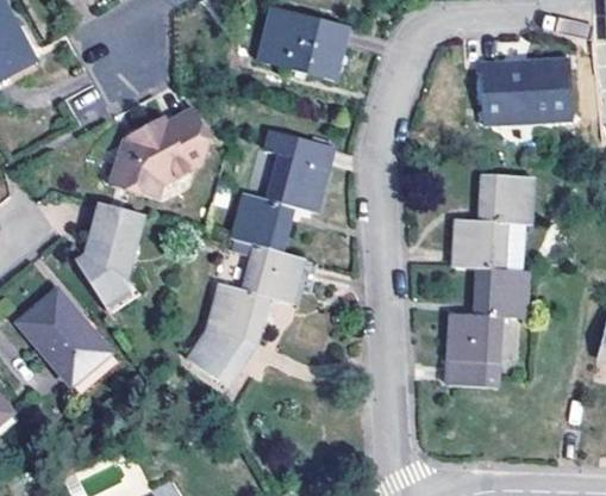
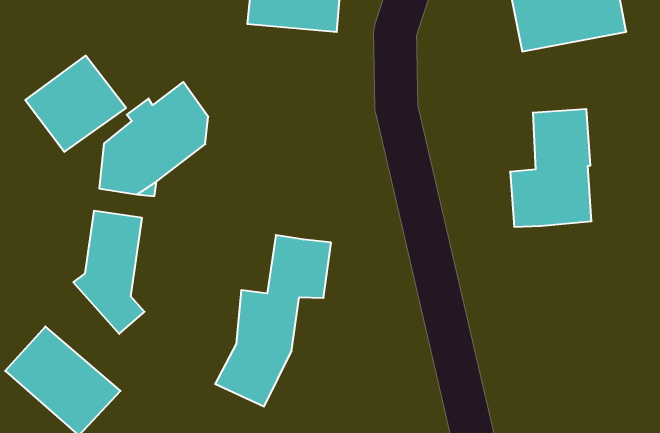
building: none -> [25,56,126,152]
building: [231,131,329,250] -> none
building: [445,268,524,388] -> none

